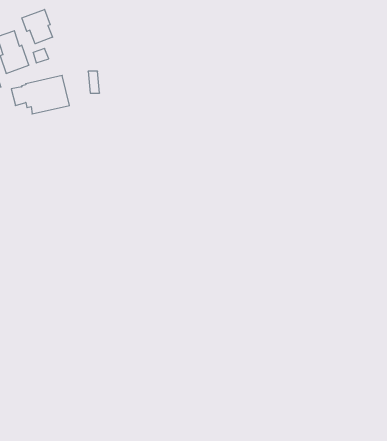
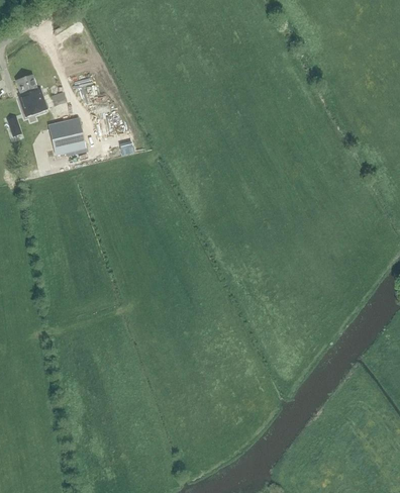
building: [22,9,53,44] -> none

